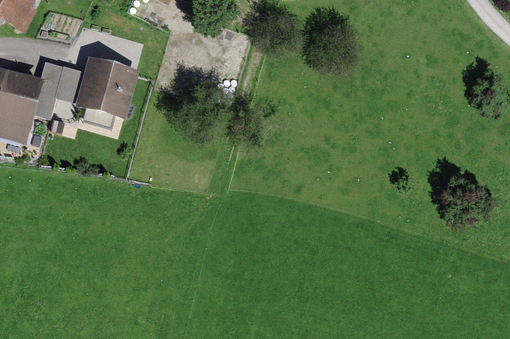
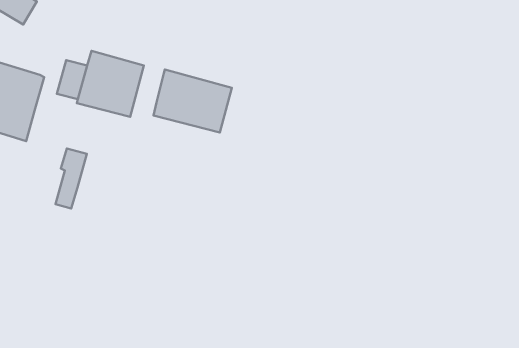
building: [34,59,64,116] -> [55,149,87,208]
building: none -> [153,70,232,132]

